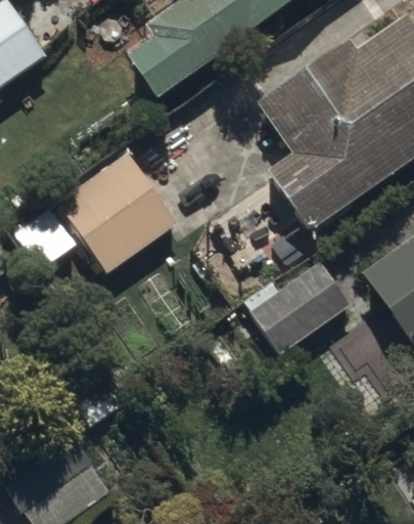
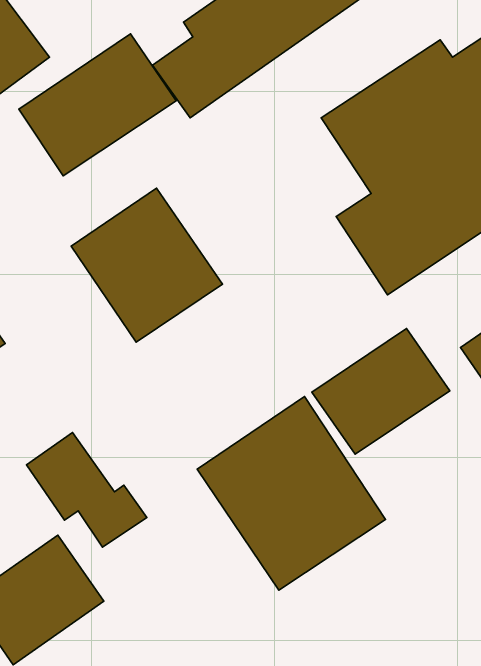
building: none -> [19,34,176,176]
building: none -> [197,397,386,590]

